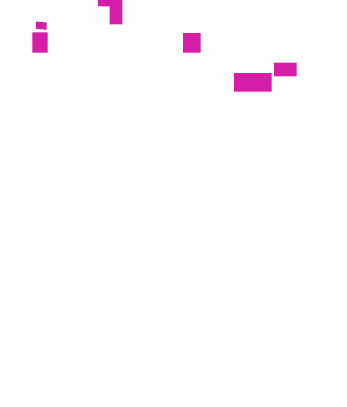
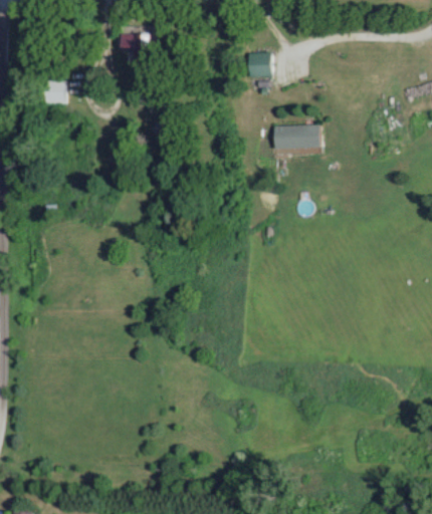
building: [182,33,202,53] -> [248,53,270,76]
building: [274,62,297,77] -> none

